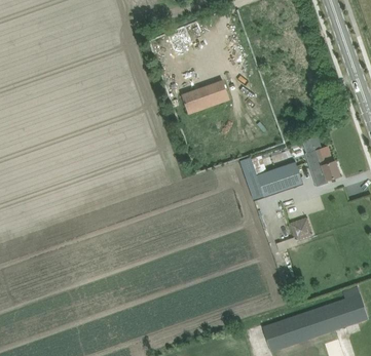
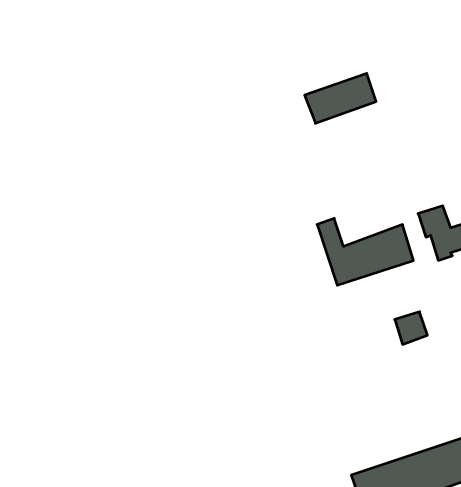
building: [182,81,229,114] -> [305,73,376,123]

